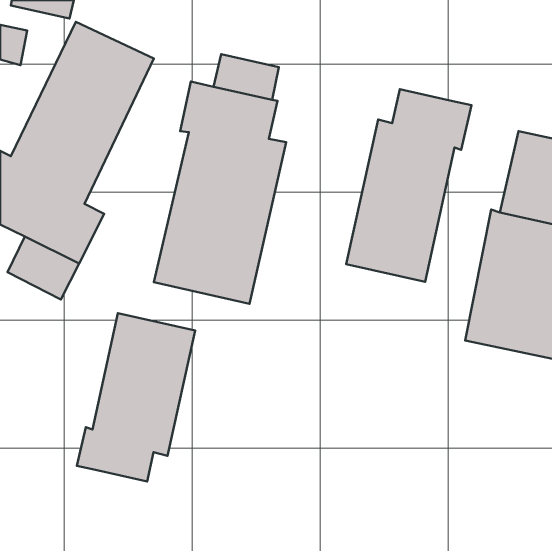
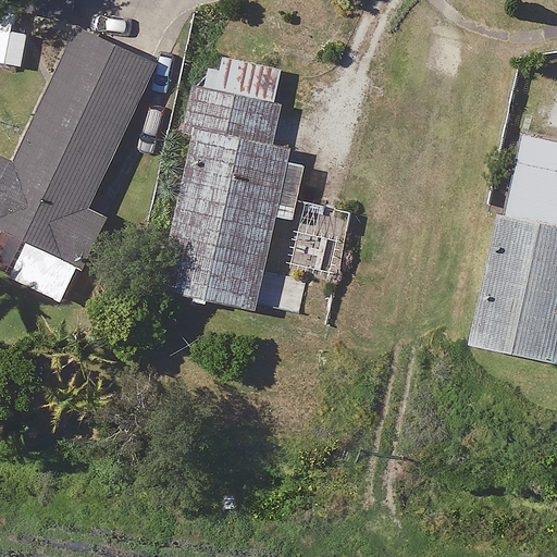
building: [346,89,472,282] -> none
building: [77,313,195,482] -> none

